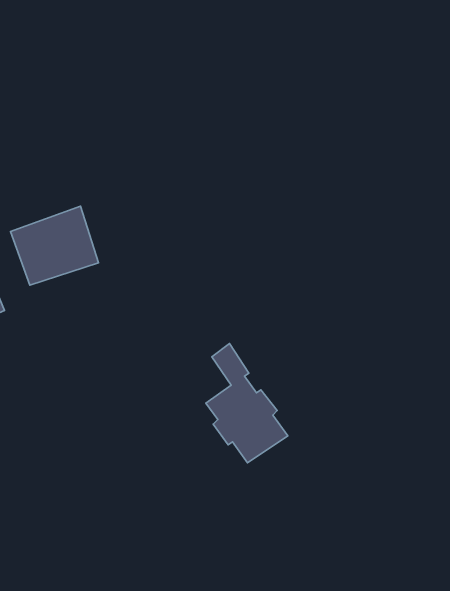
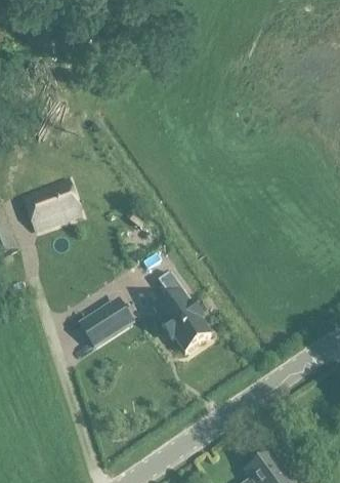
building: none -> [84,305,129,341]

